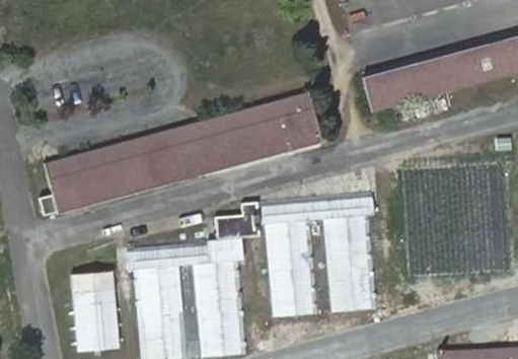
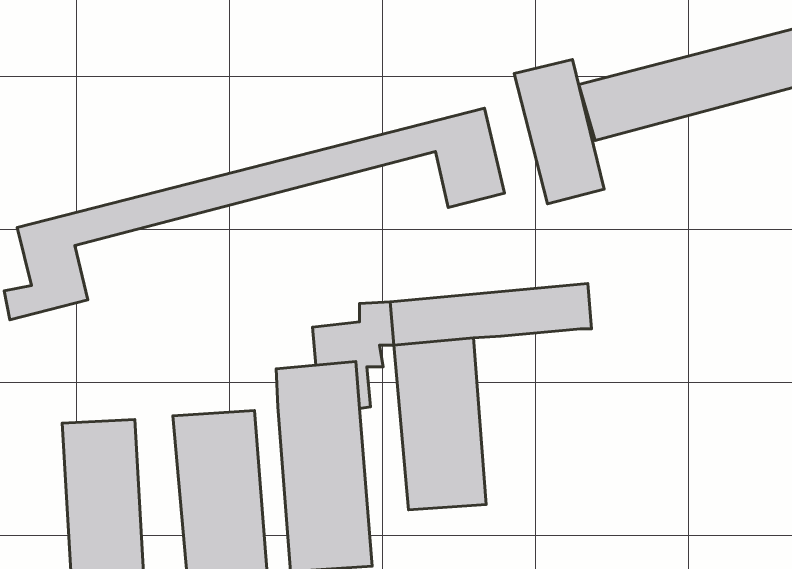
building: none -> [514,59,604,204]
building: [81,117,290,200] -> none
building: [319,216,371,313] -> none
building: [129,238,195,266] -> none

